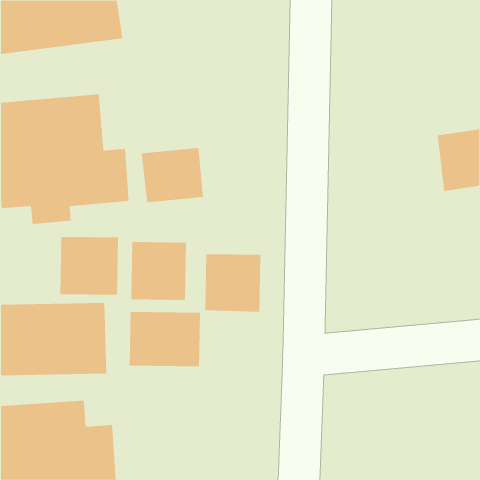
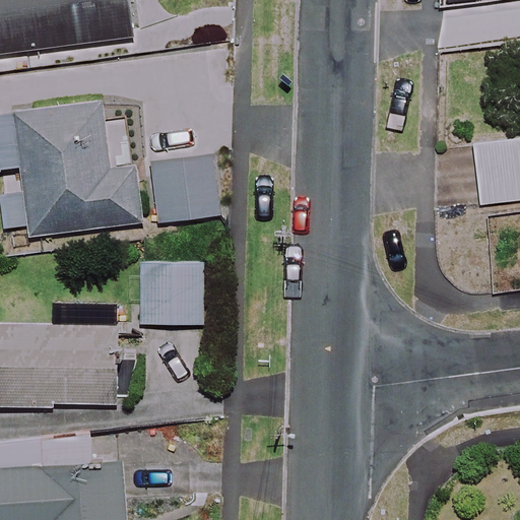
building: [60,236,118,296] -> none
building: [205,254,261,313] -> none
building: [129,311,200,367] -> none

